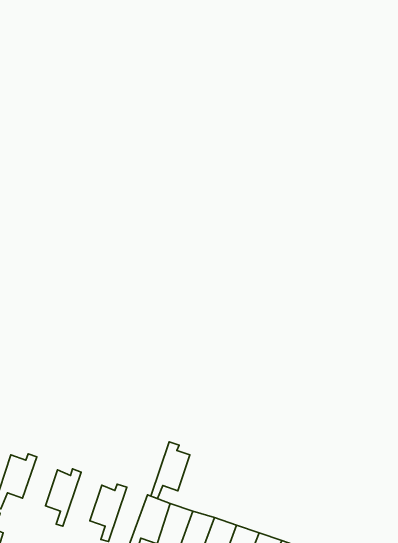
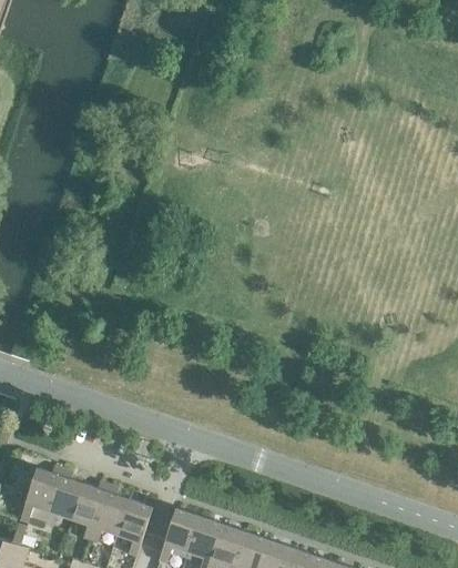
building: [151,442,190,498] -> [89,487,129,545]
building: none -> [48,471,83,521]

